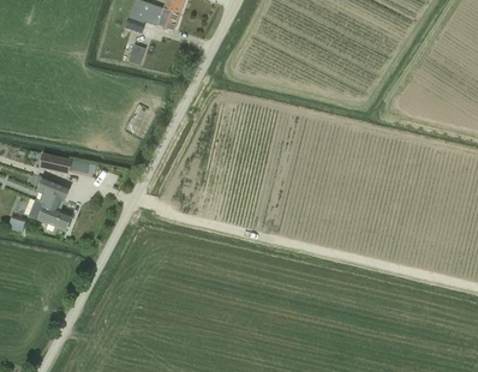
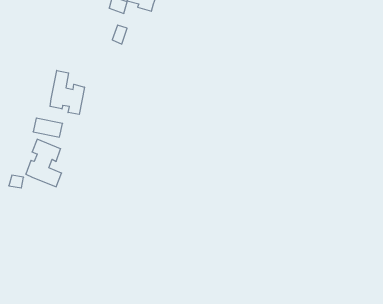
building: none -> [50,70,84,114]

